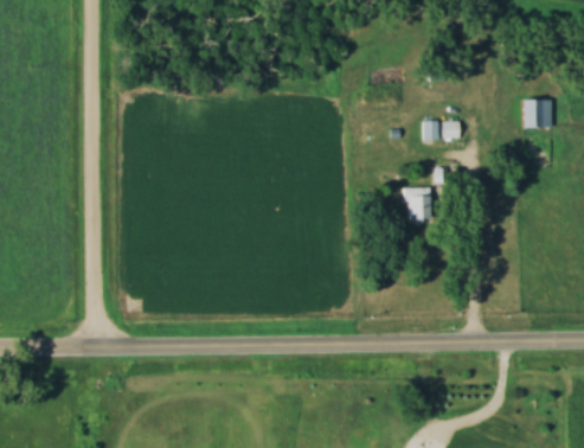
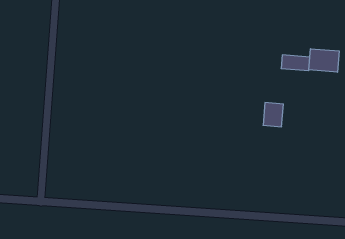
building: none -> [309,49,339,72]

